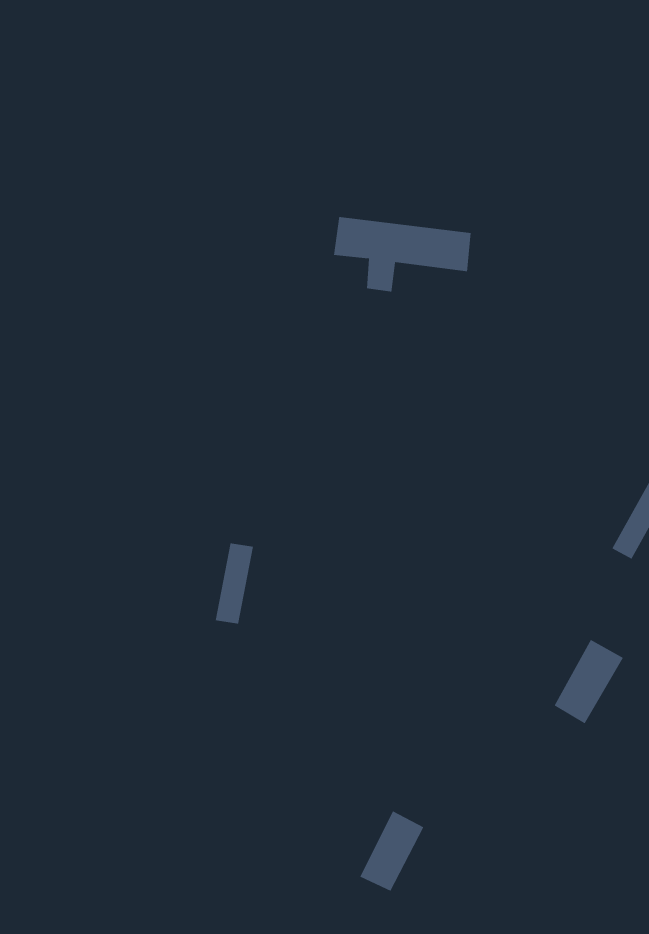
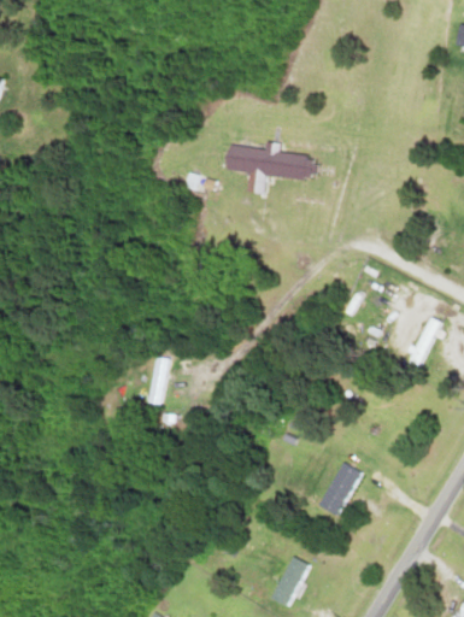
building: [554,639,624,724] -> [317,462,363,517]
building: [359,810,424,892] -> [270,556,312,609]

